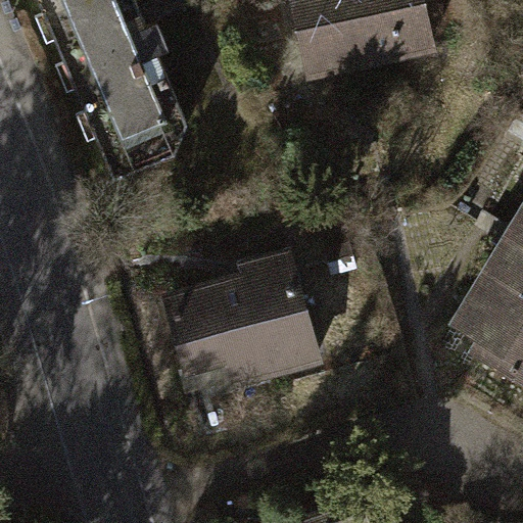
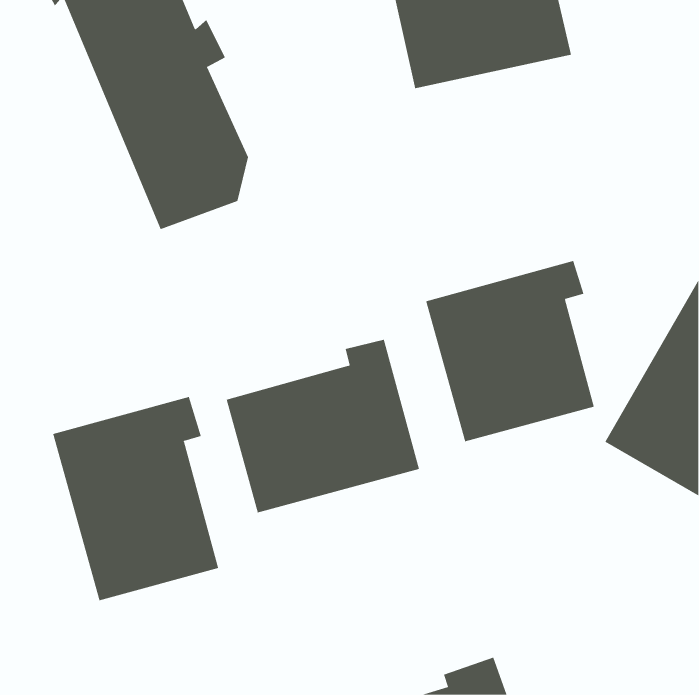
building: none -> [425,260,594,442]
building: none -> [52,396,219,601]

